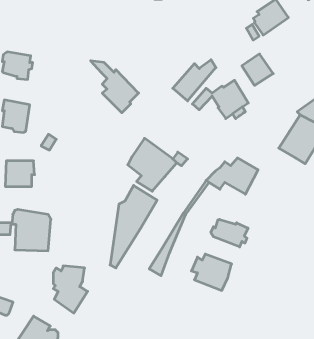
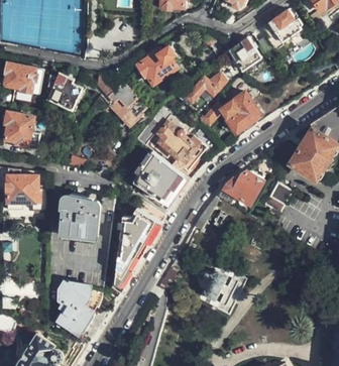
building: none -> [136,47,179,87]
building: [242,54,273,85] -> [228,37,260,70]
building: none -> [47,74,80,109]
building: none -> [153,121,193,164]
building: none -> [264,181,292,212]
building: [12,209,51,251] -> [59,195,99,237]
building: [211,219,248,247] -> none

